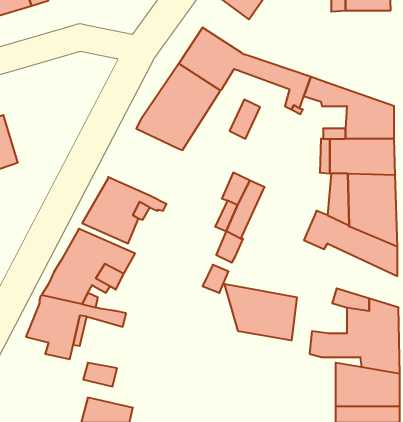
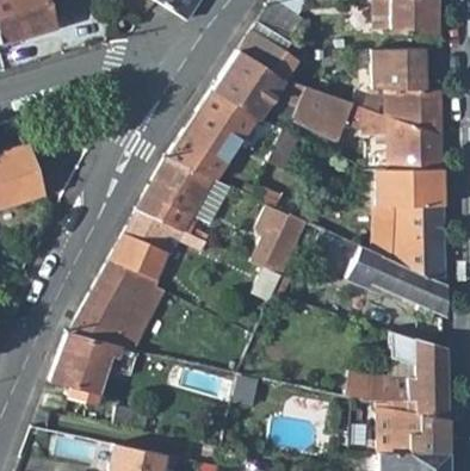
building: none -> [239,31,296,80]
building: none -> [370,48,441,135]
building: none -> [138,159,211,230]
building: [225,284,297,341] -> none

